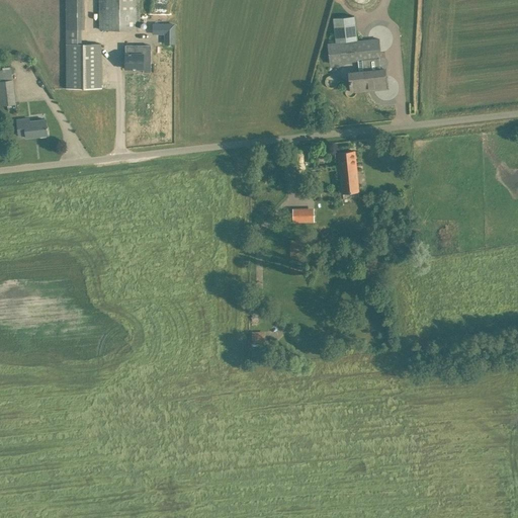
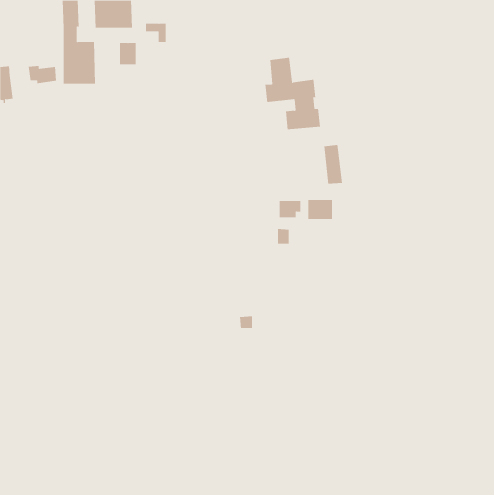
building: [327,15,385,91] -> [265,57,321,130]
building: [16,118,47,138] -> [28,65,57,84]
building: none -> [308,199,333,220]

